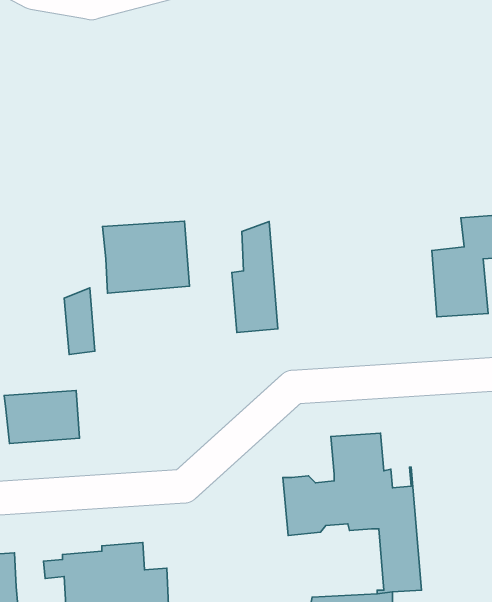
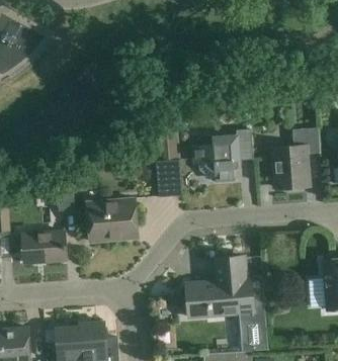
building: none -> [193,129,252,180]
building: [102,221,190,293] -> [85,199,137,242]

